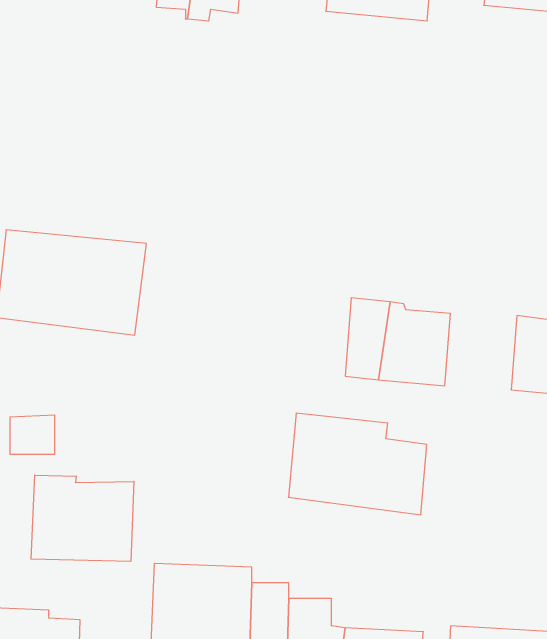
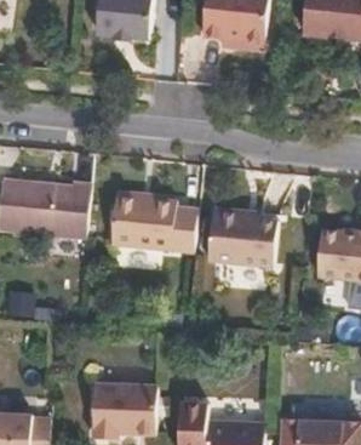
building: [288,413,427,515] -> [111,190,197,253]
building: [31,475,134,561] -> none

